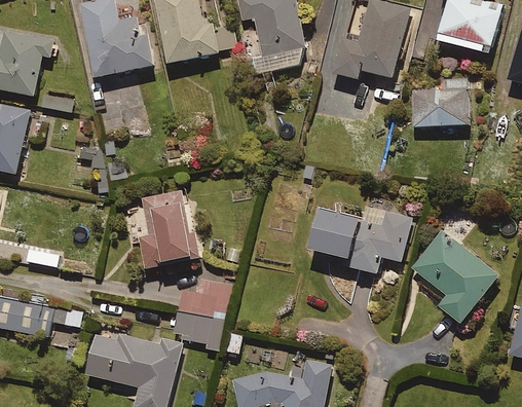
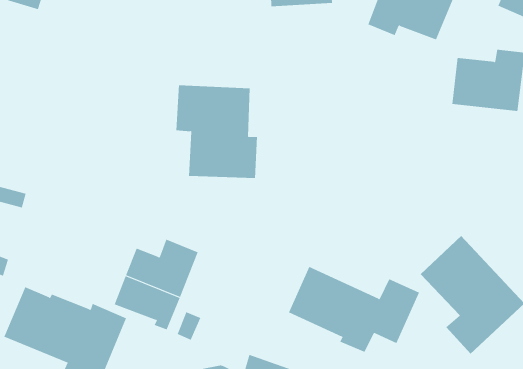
building: [124,190,199,269] -> [176,85,258,179]
building: [309,212,412,274] -> [288,266,420,352]

